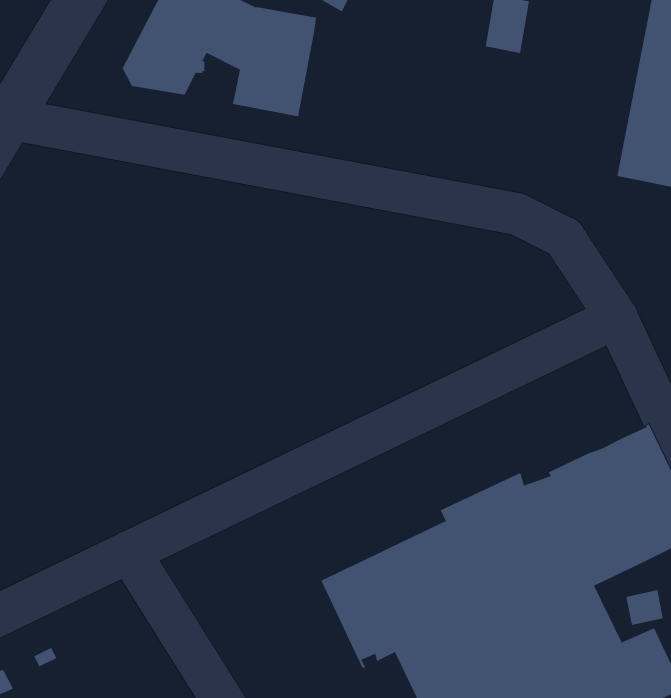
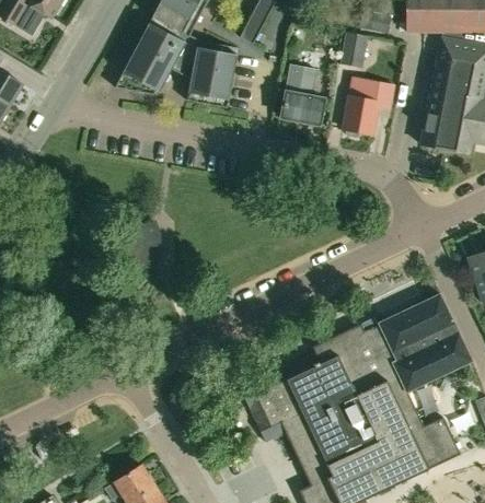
building: none -> [281,66,325,125]
building: none -> [344,79,395,137]

